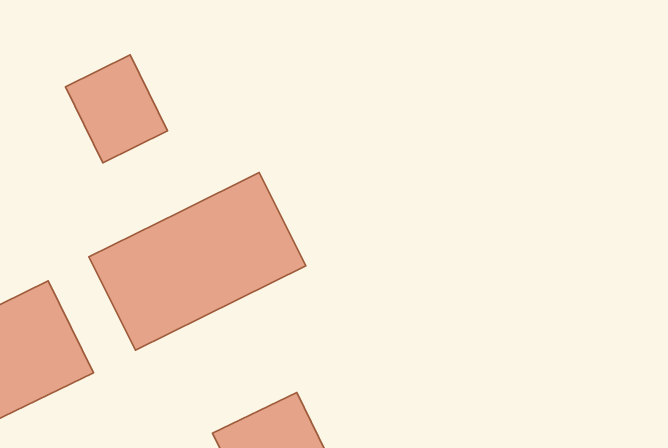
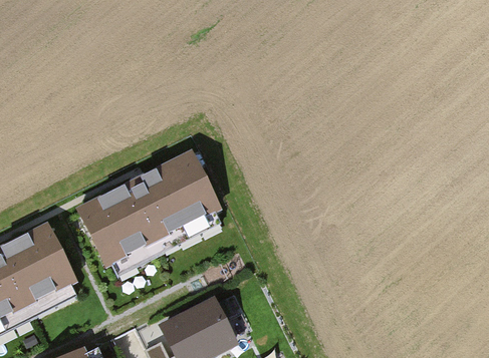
building: [66,55,168,163] -> none

